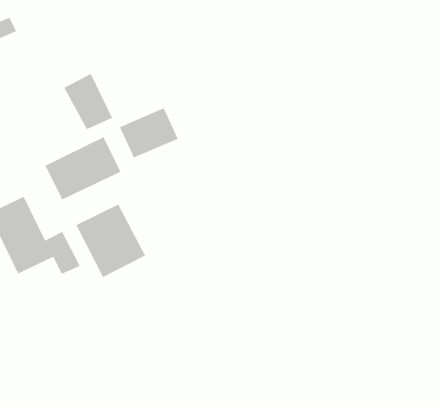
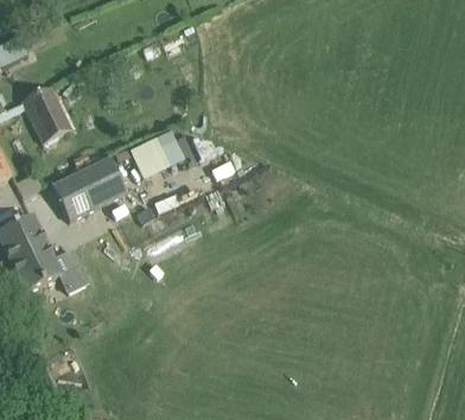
building: [63,73,113,130] -> [23,87,71,142]
building: [75,203,146,278] -> none

